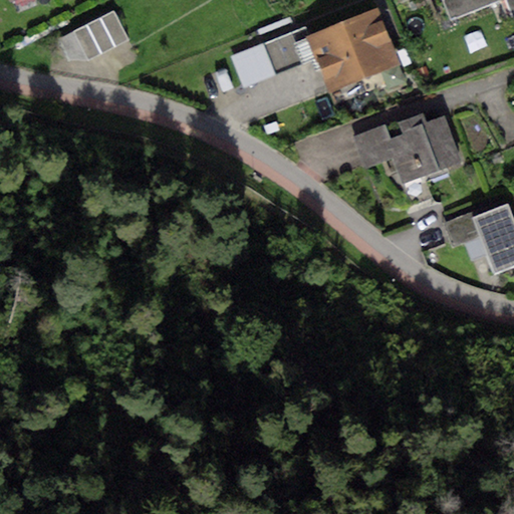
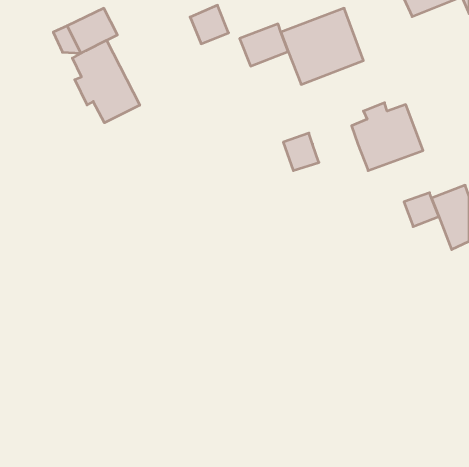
building: [232,42,274,84] -> [190,5,229,44]
building: none -> [72,40,140,123]
building: [352,125,392,167] -> [283,133,319,171]

